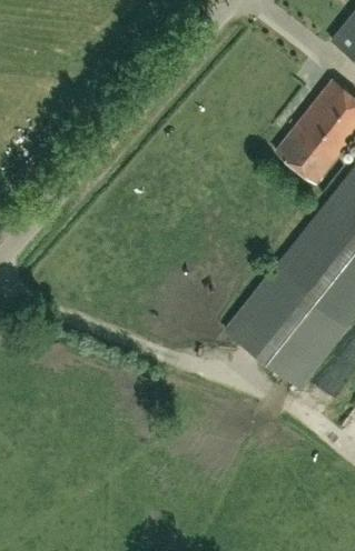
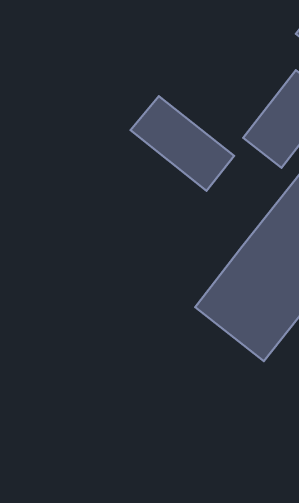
building: none -> [131,96,234,191]

